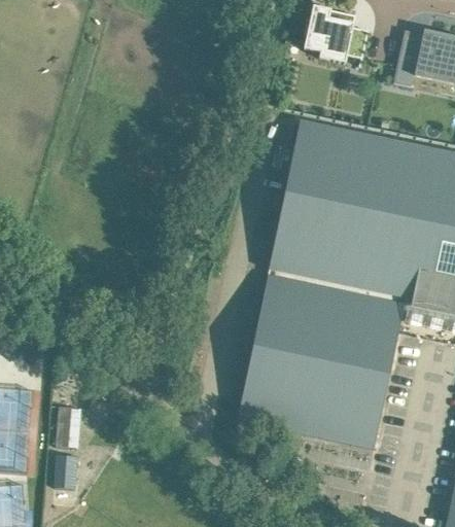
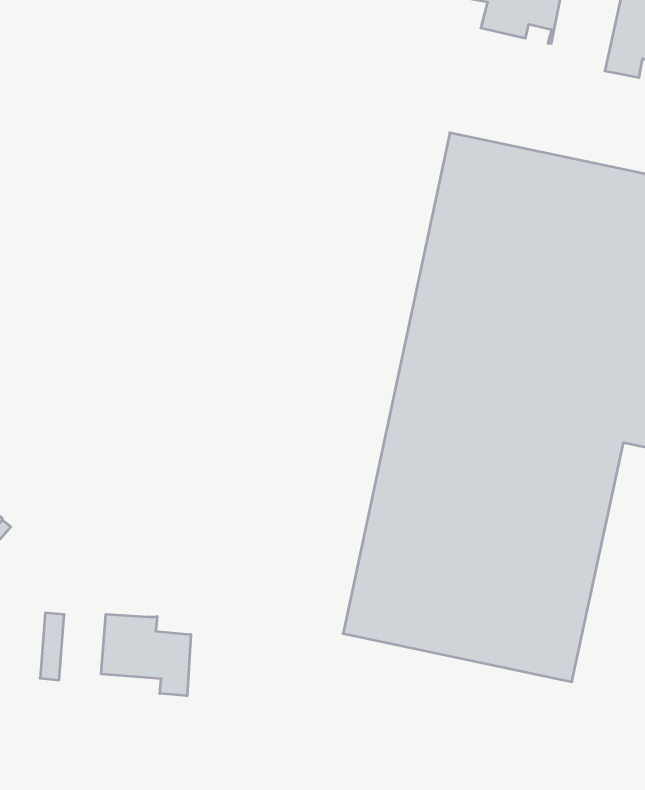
building: none -> [101,614,191,696]
building: [54,455,76,489] -> none

